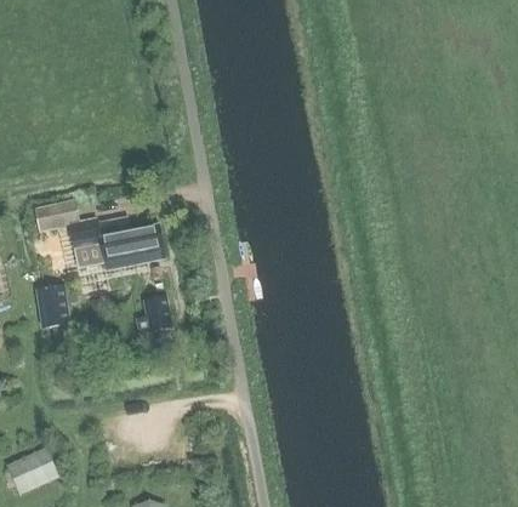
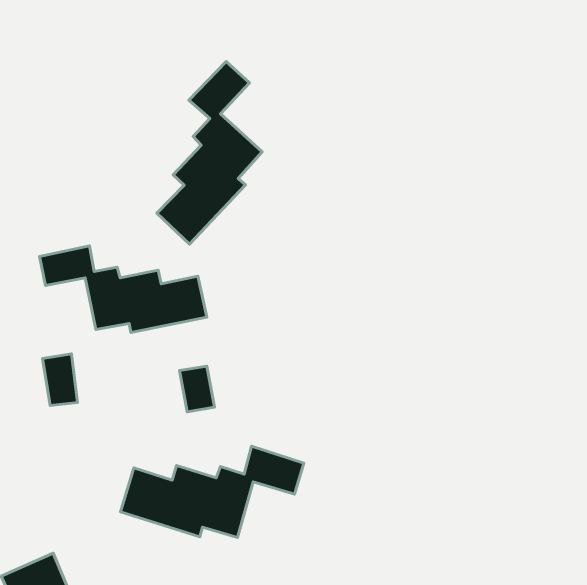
building: none -> [157,61,262,244]
building: none -> [121,446,304,537]

